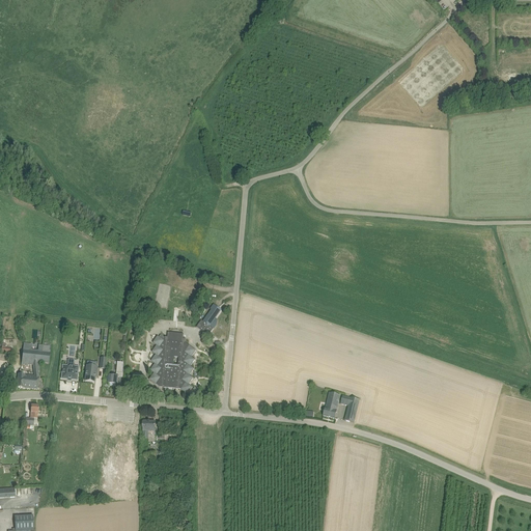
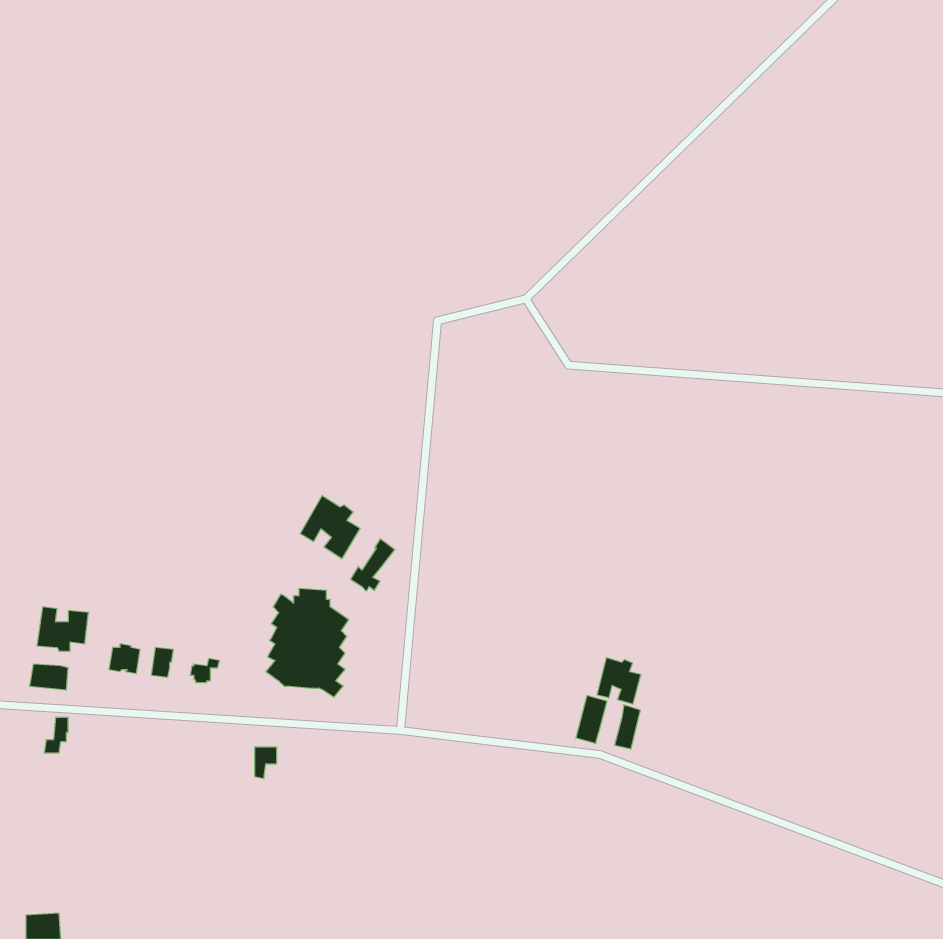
building: none -> [300,495,360,559]
building: none -> [597,658,641,704]

